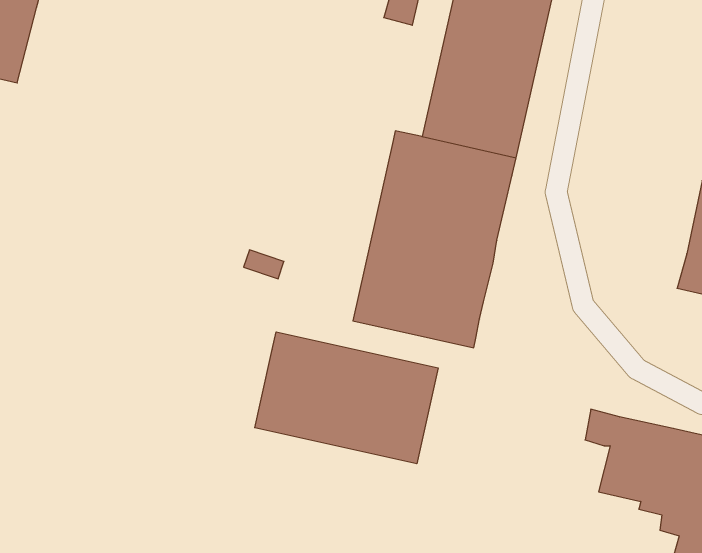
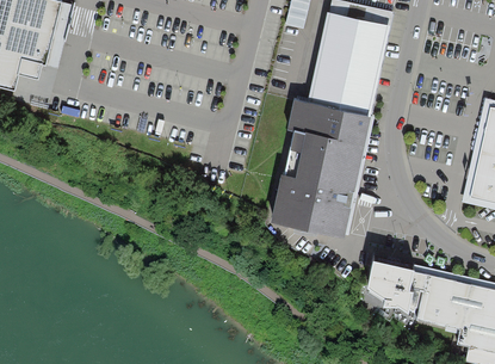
building: [255,332,438,464] -> none
building: none -> [369,260,422,319]

